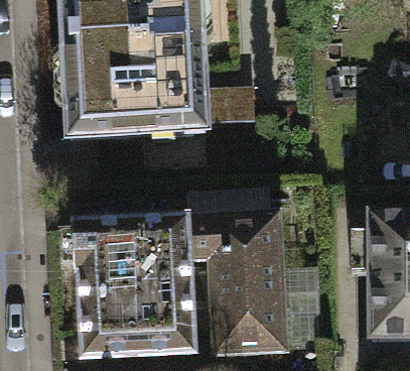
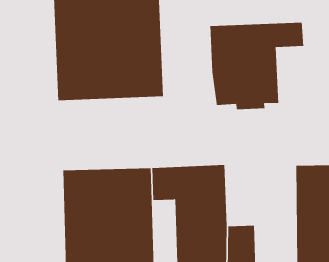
building: none -> [210,22,304,110]

